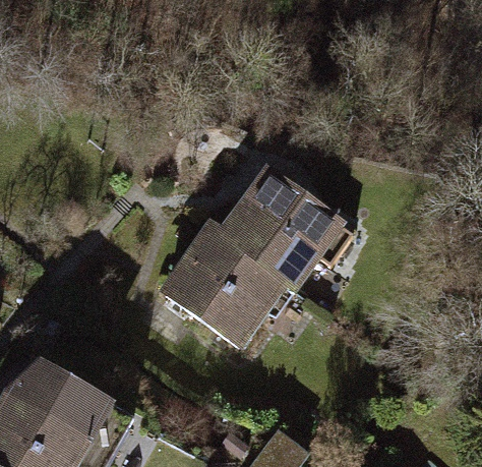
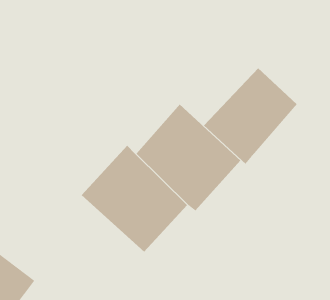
building: none -> [203,68,297,165]

